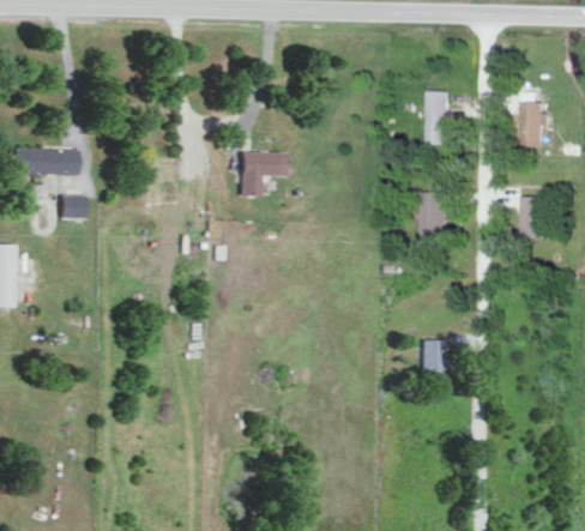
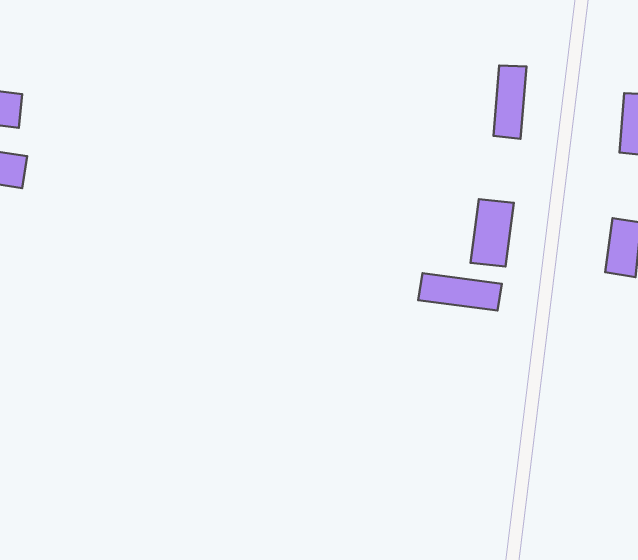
building: [240,151,283,195] -> none
building: none -> [418,273,502,311]
building: [422,339,445,381] -> none

